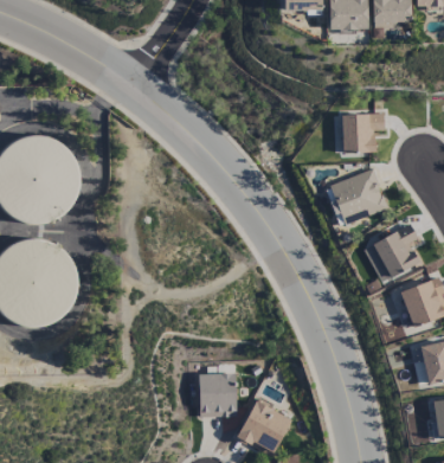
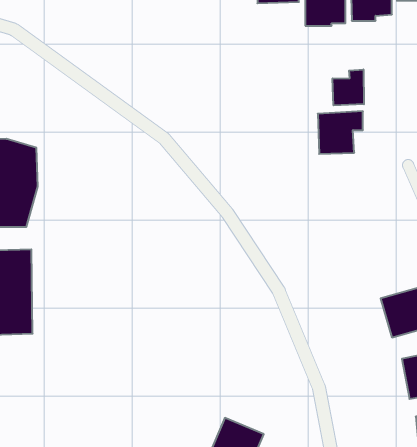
building: none -> [333,69,364,105]
building: [326,169,387,225] -> none
building: [363,225,419,282] -> none
building: [198,373,236,417] -> none

